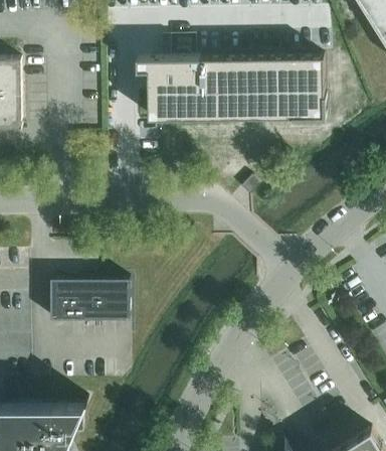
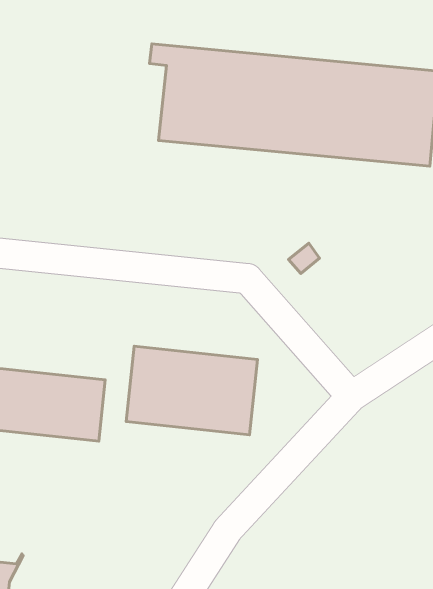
building: none -> [126,346,258,435]

